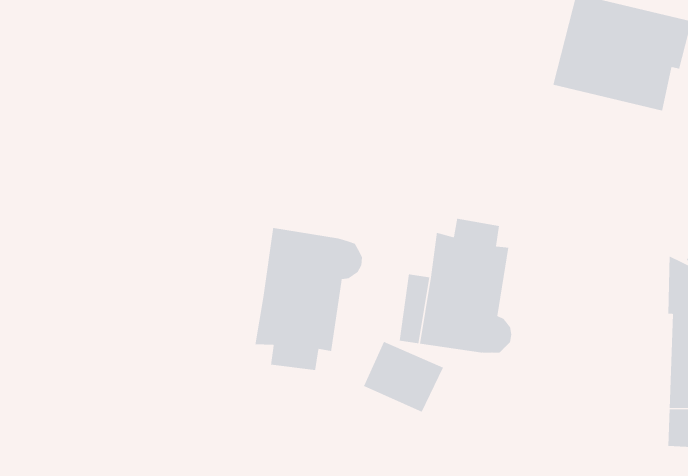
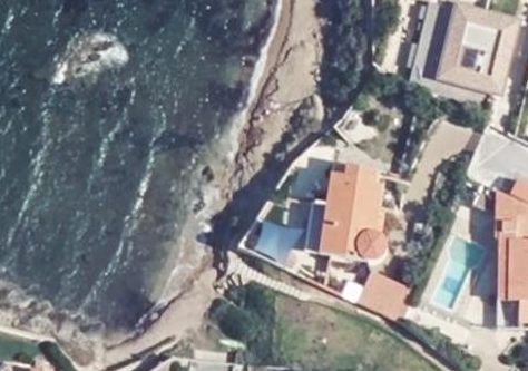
building: [255,227,363,371] -> none
building: [363,341,444,413] -> [359,270,417,321]

